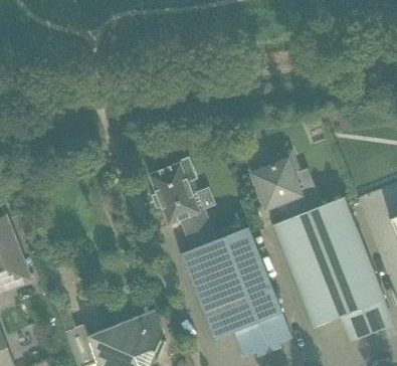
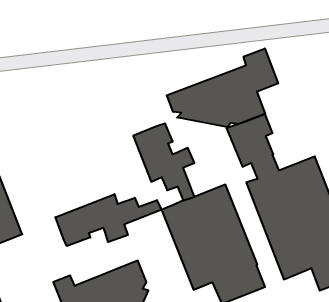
building: none -> [167,48,278,127]
building: none -> [55,194,162,246]

